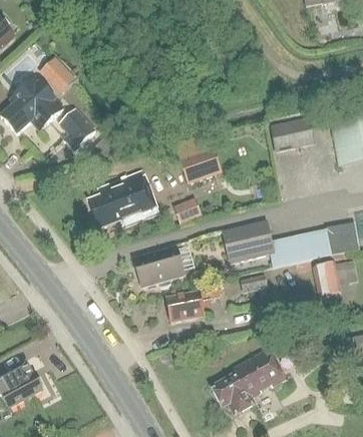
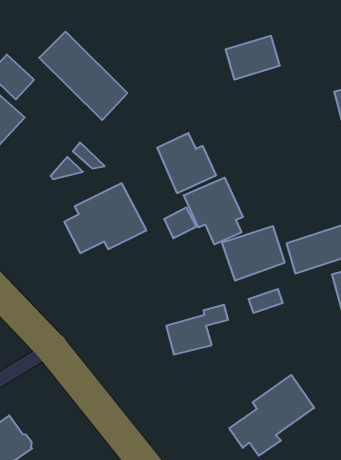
building: none -> [39,32,127,120]
building: [59,107,95,149] -> none
building: [270,116,315,150] -> [225,36,280,79]
building: none -> [184,178,243,244]
building: [135,248,185,286] -> none

